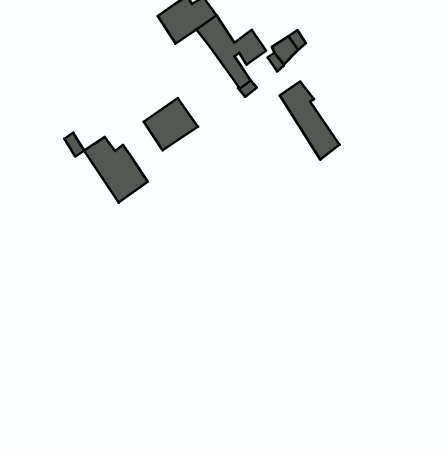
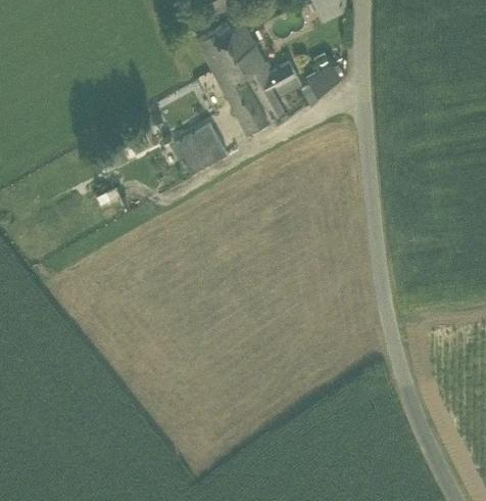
building: [280,82,340,160] -> [211,56,266,135]
building: [84,137,148,203] -> none

